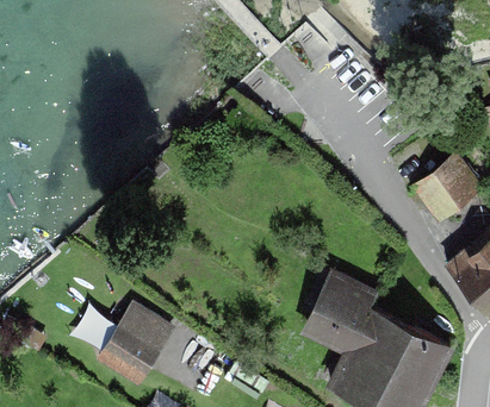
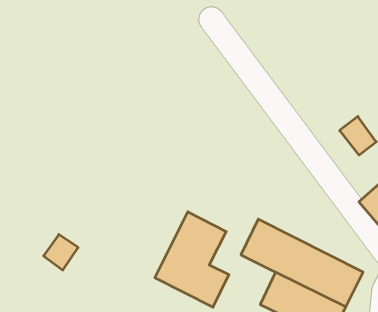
building: none -> [155,212,229,307]
building: [103,307,167,376] -> none

